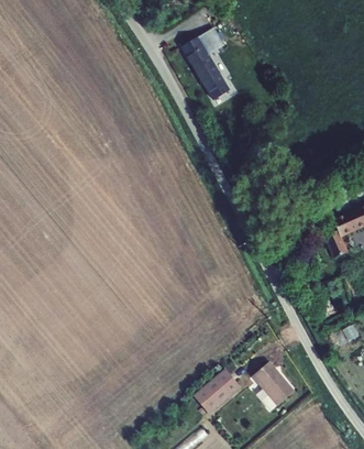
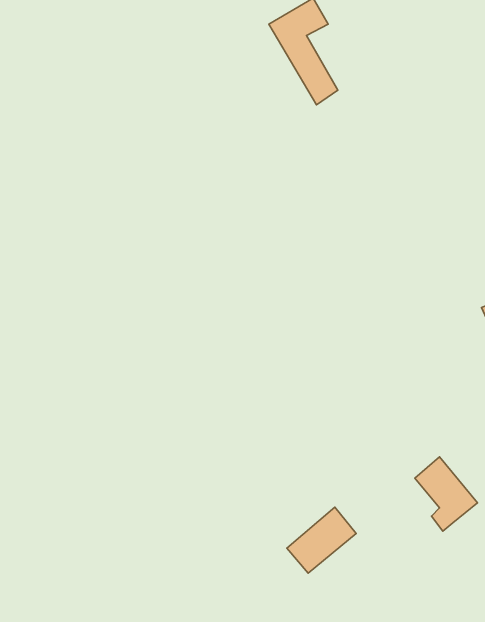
building: [253,361,295,410] -> [415,457,478,531]

